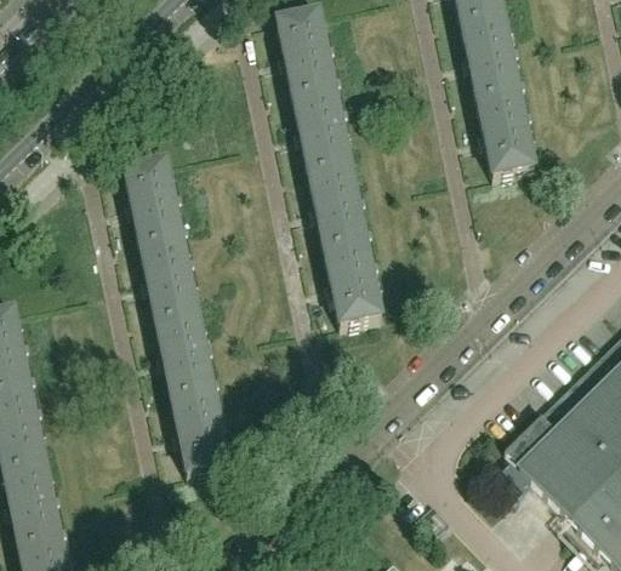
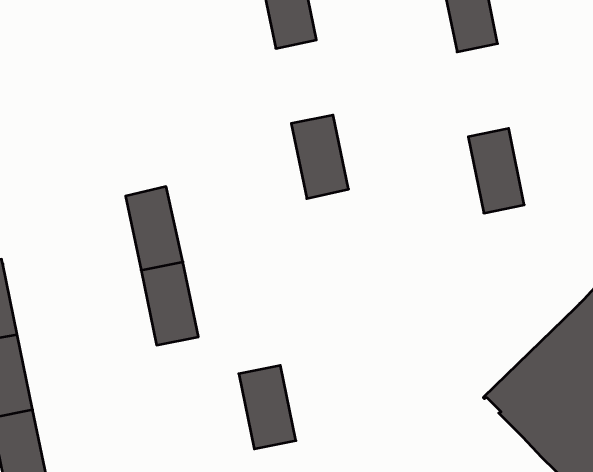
building: [294,88,352,173] -> none
building: [478,92,535,178] -> [468,128,524,213]
building: [125,161,182,247] -> none
building: [325,240,383,326] -> none
building: [172,390,230,475] -> [239,365,296,449]

